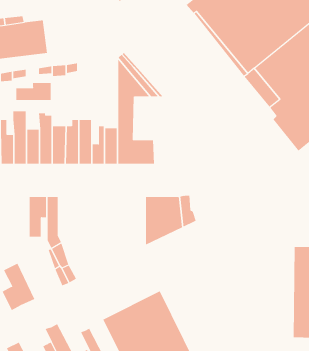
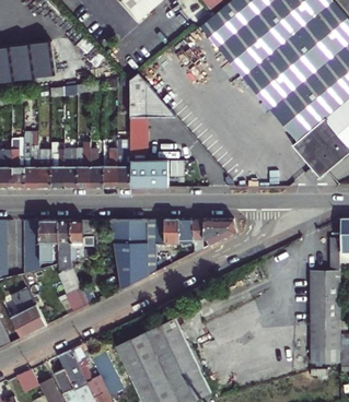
building: [16,82,51,101] -> none
building: none -> [205,218,239,245]
building: none -> [23,220,39,268]
building: none -> [70,220,93,260]
building: none -> [112,220,159,288]

